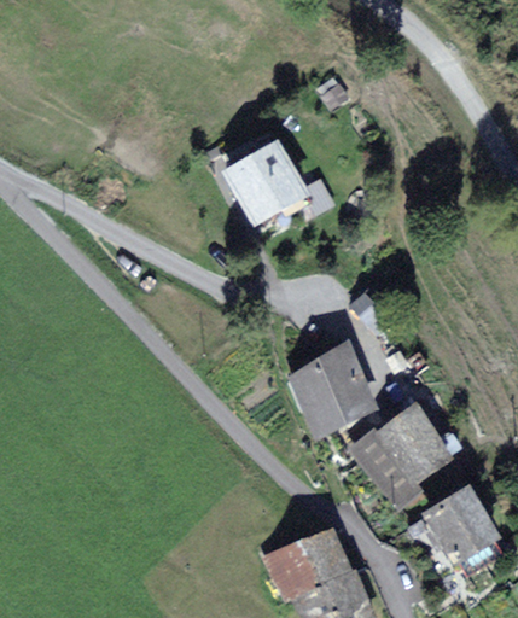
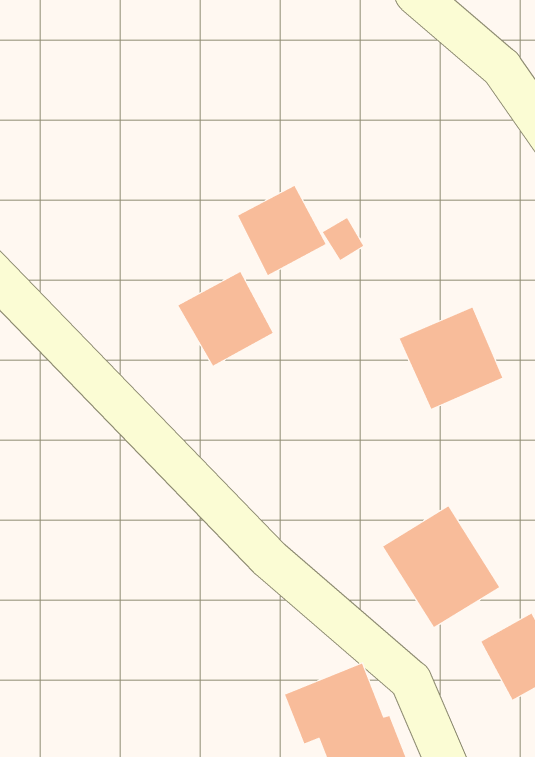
building: none -> [177,271,274,367]
building: [290,350,373,432] -> [399,307,503,409]

